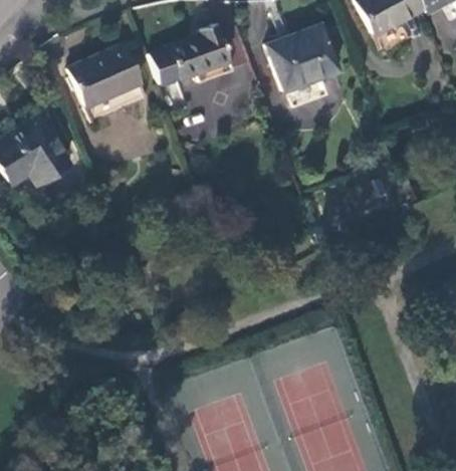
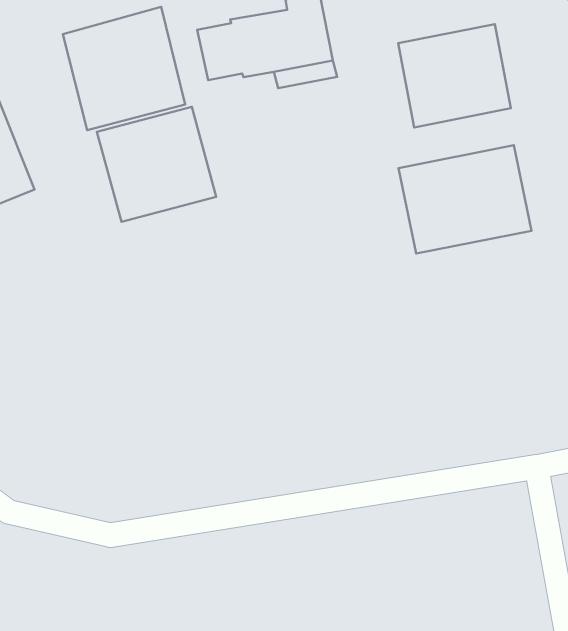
building: none -> [399,145,532,253]
building: none -> [97,107,216,222]

